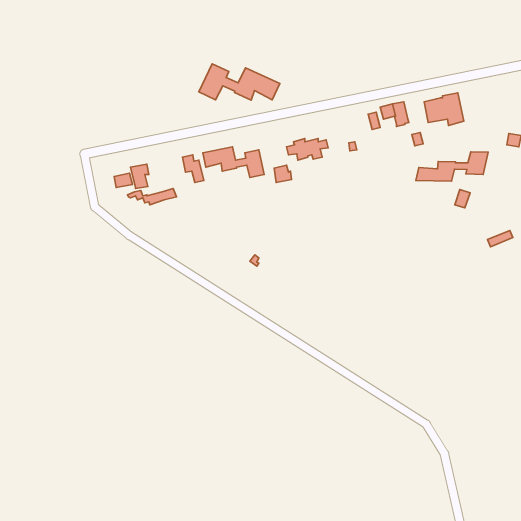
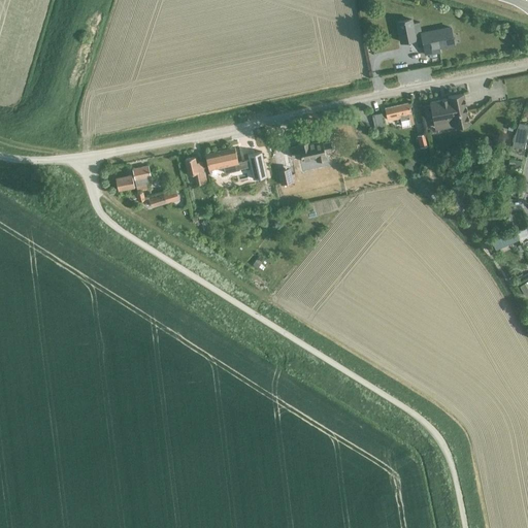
building: none -> [397,20,454,55]
building: [199,64,280,100] -> none
building: [416,152,488,181] -> none

